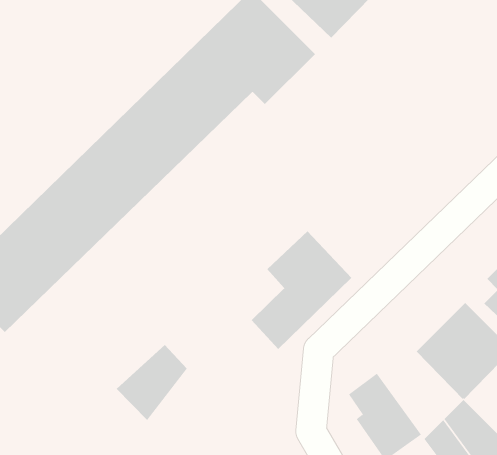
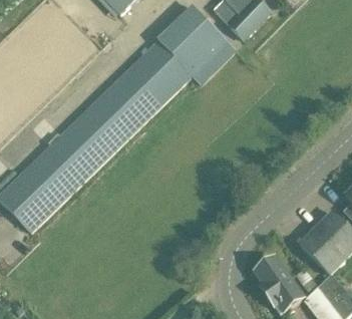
building: [251,231,352,350] -> none
building: [116,344,187,421] -> none

